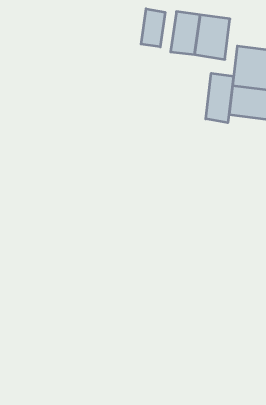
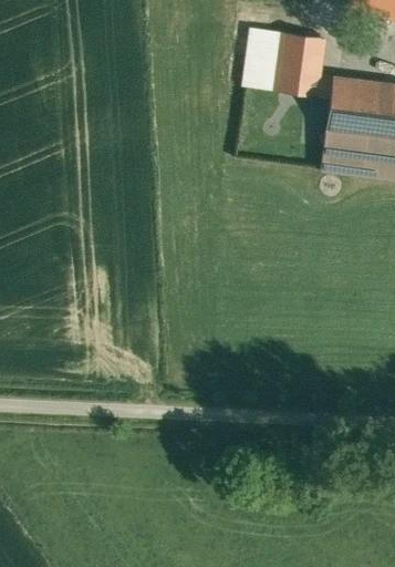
building: [141,9,165,47] -> none
building: [206,73,234,123] -> none

